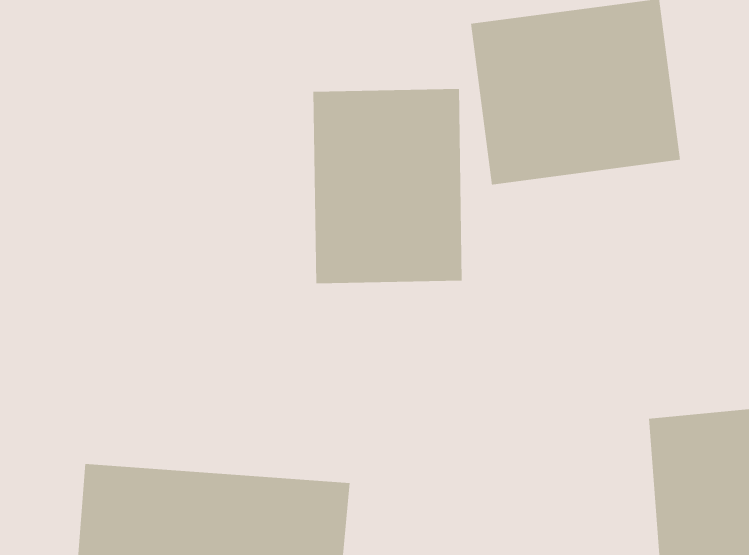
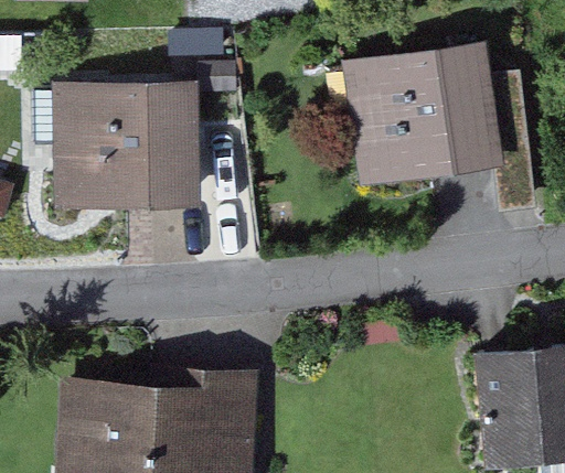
building: none -> [54,82,199,203]
building: [313,88,462,284] -> none

